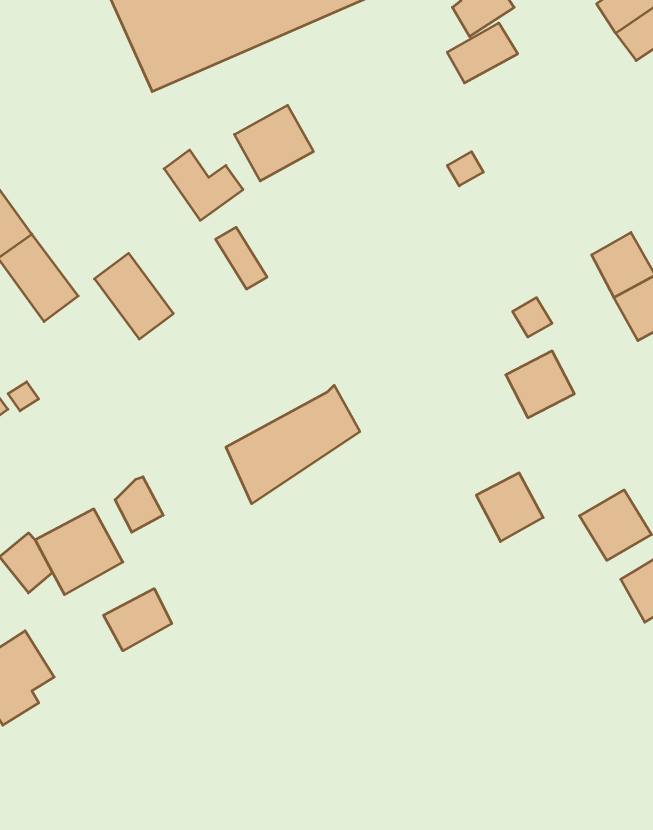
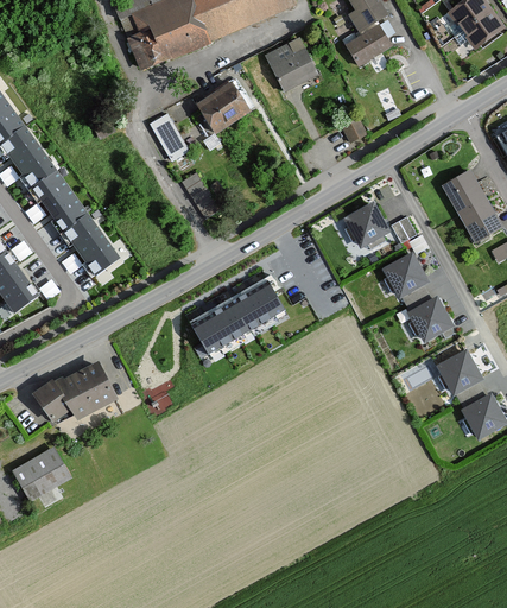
building: none -> [262,37,318,93]
building: [94,253,173,339] -> [64,214,119,273]
building: none -> [343,202,391,249]
building: [476,473,543,542] -> [408,296,455,343]
building: [115,477,163,532] -> none
building: [104,589,172,651] -> none

